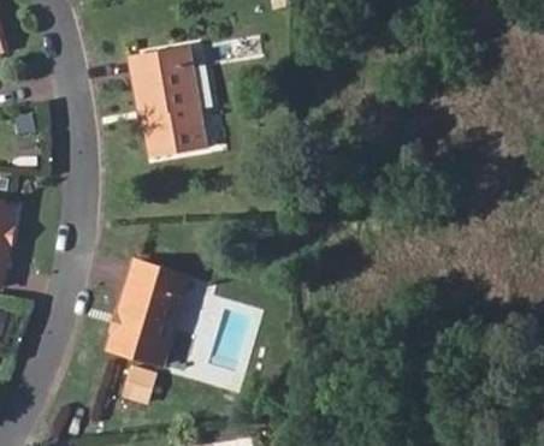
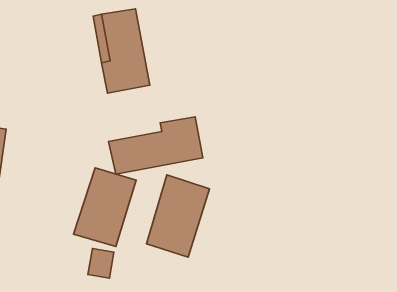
building: none -> [109,117,203,174]
building: none -> [146,175,209,257]

